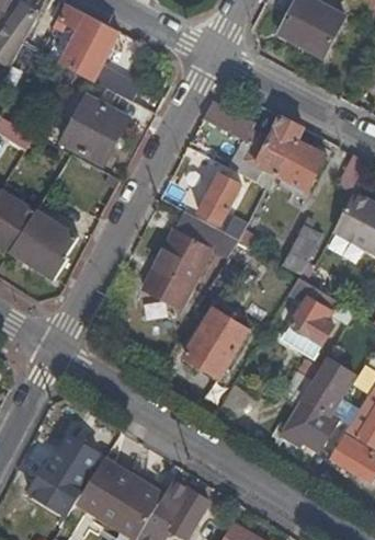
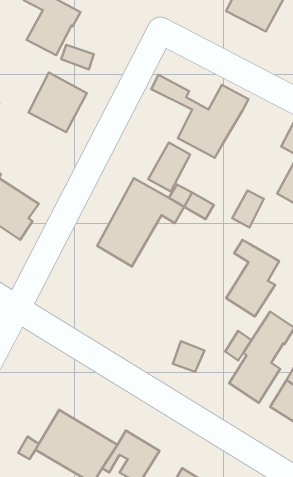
building: [275,141,321,191] -> none
building: [183,308,247,376] -> none
building: [45,438,98,493] -> none

